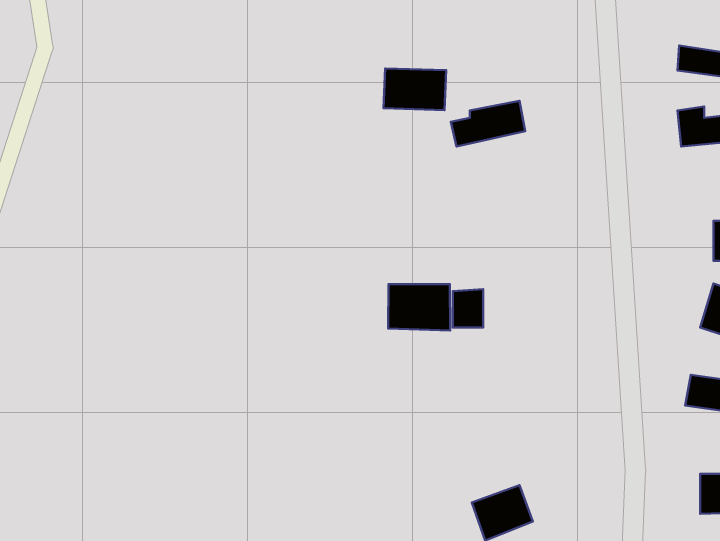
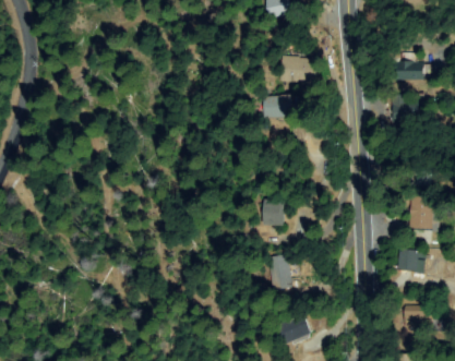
building: [383,68,446,110] -> [278,58,314,82]
building: [388,284,450,330] -> none
building: none -> [265,254,296,290]

